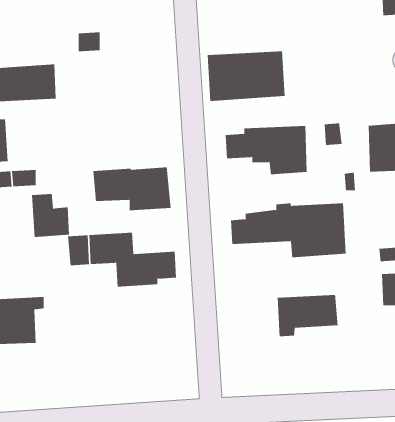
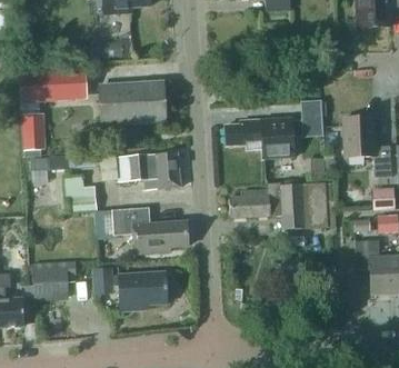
building: [207,51,286,102] -> [100,82,166,125]
building: [277,294,338,337] -> none
building: none -> [93,267,166,310]

